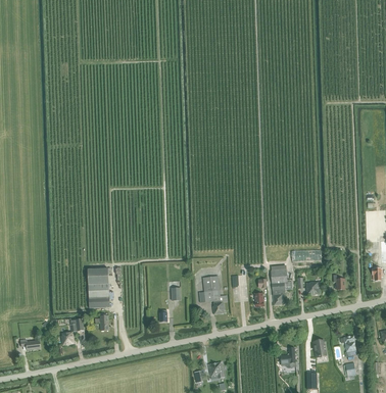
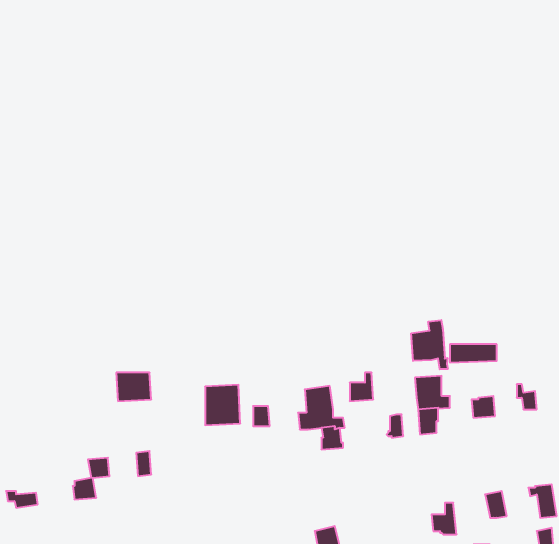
building: none -> [411,320,448,369]
building: [88,284,109,308] -> [205,385,240,425]

